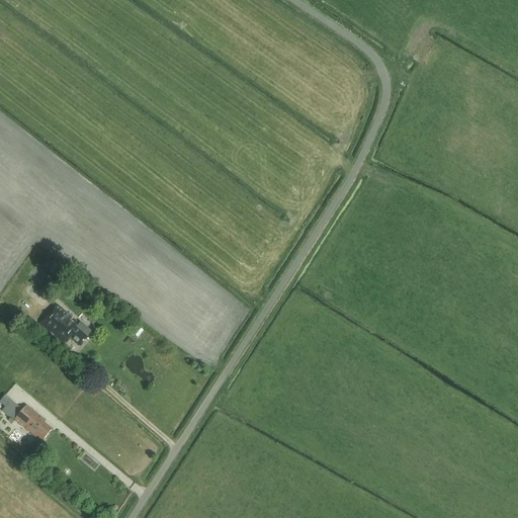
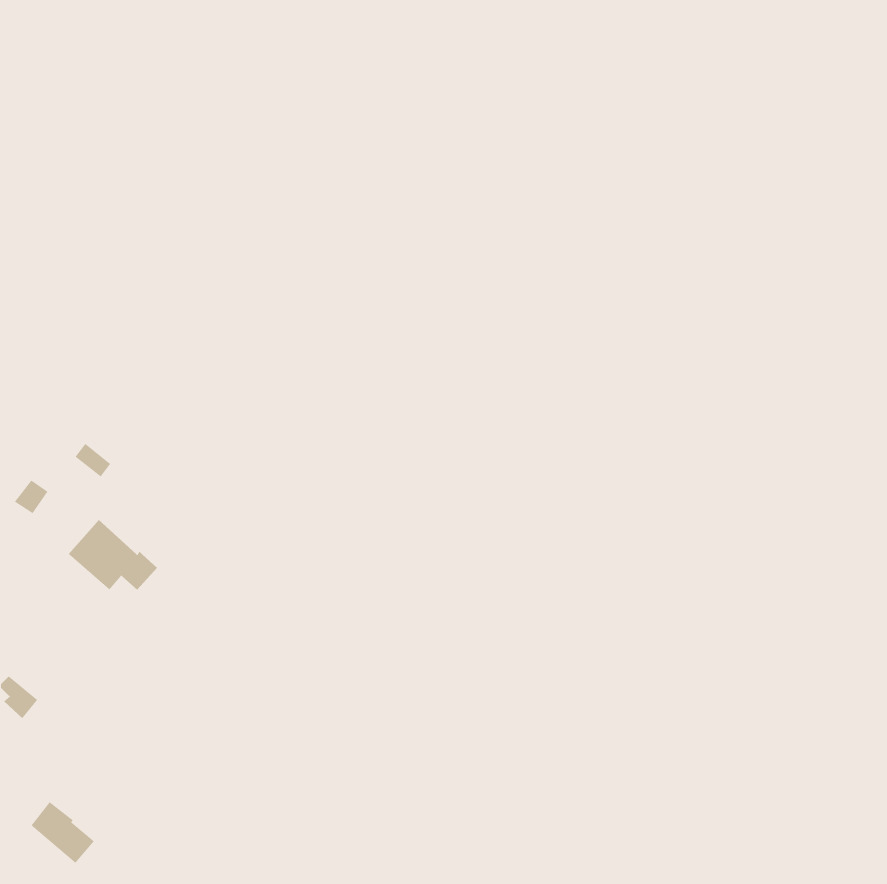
building: [15,404,53,440] -> [31,801,95,864]

